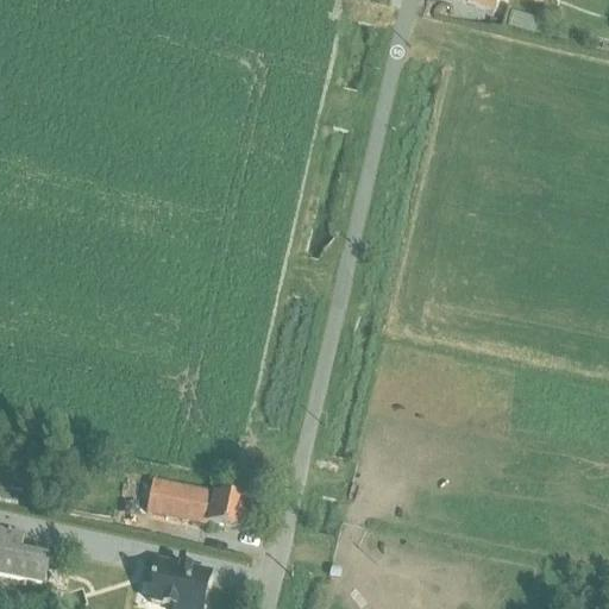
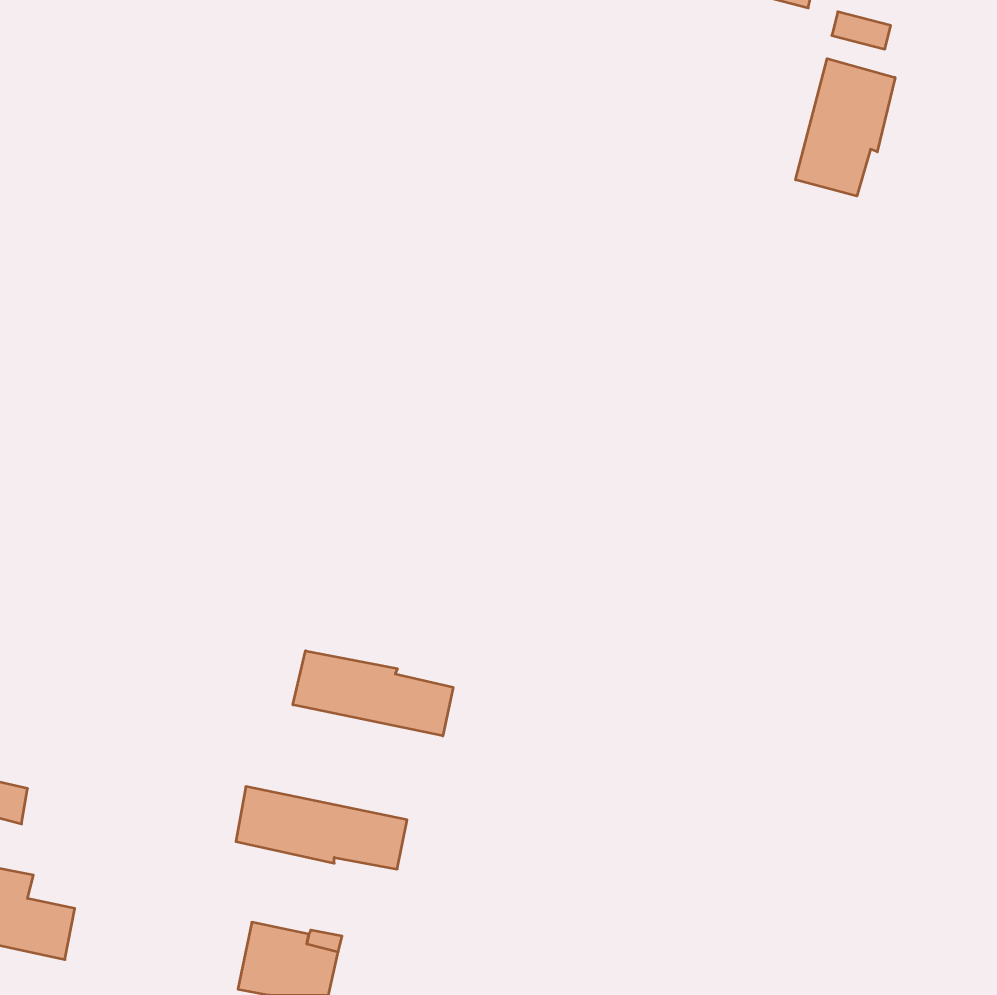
building: none -> [796,59,895,196]
building: none -> [293,651,453,736]

